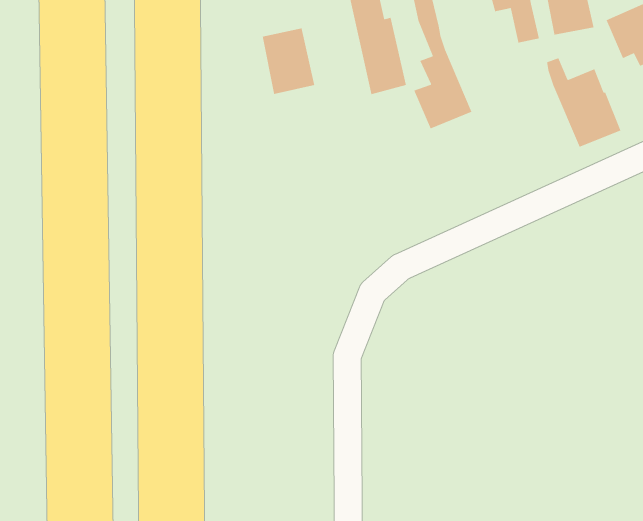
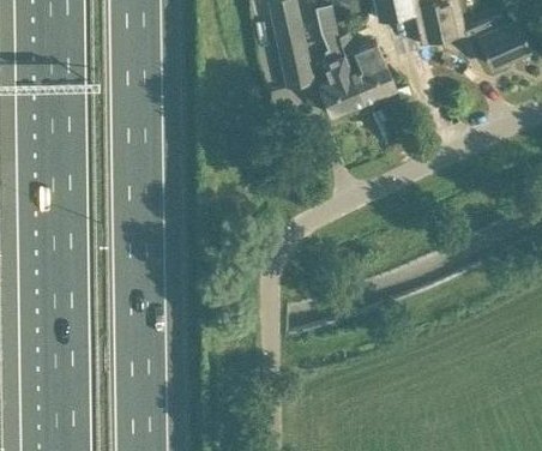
building: [262,27,315,95] -> none
building: [546,57,621,148] -> [339,32,397,102]

